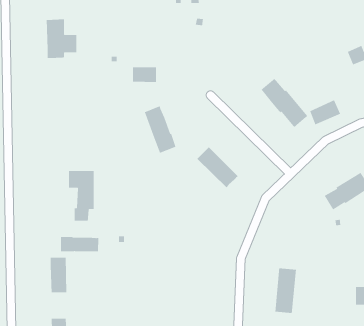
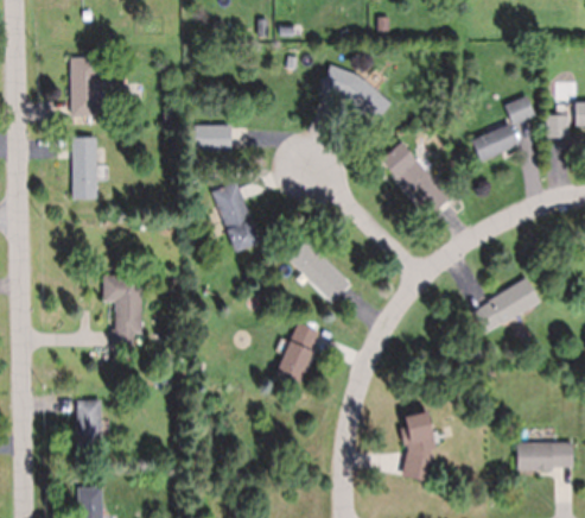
building: none -> [322,64,392,124]
building: none -> [72,137,98,198]
building: [309,99,341,126] -> [472,124,519,162]
building: none -> [275,322,320,385]
building: [60,236,99,252] -> none

